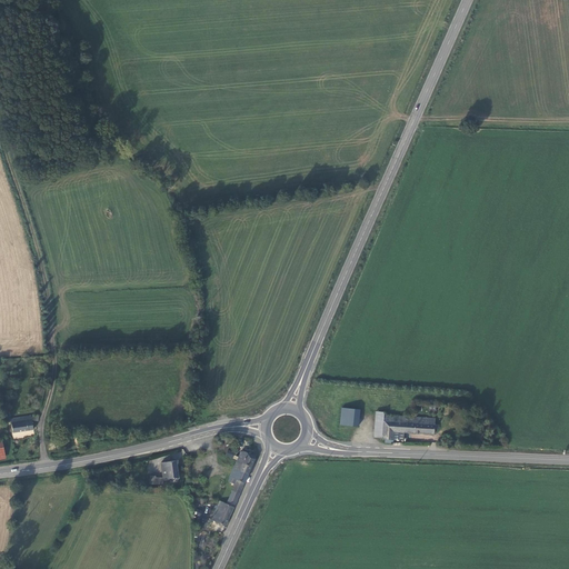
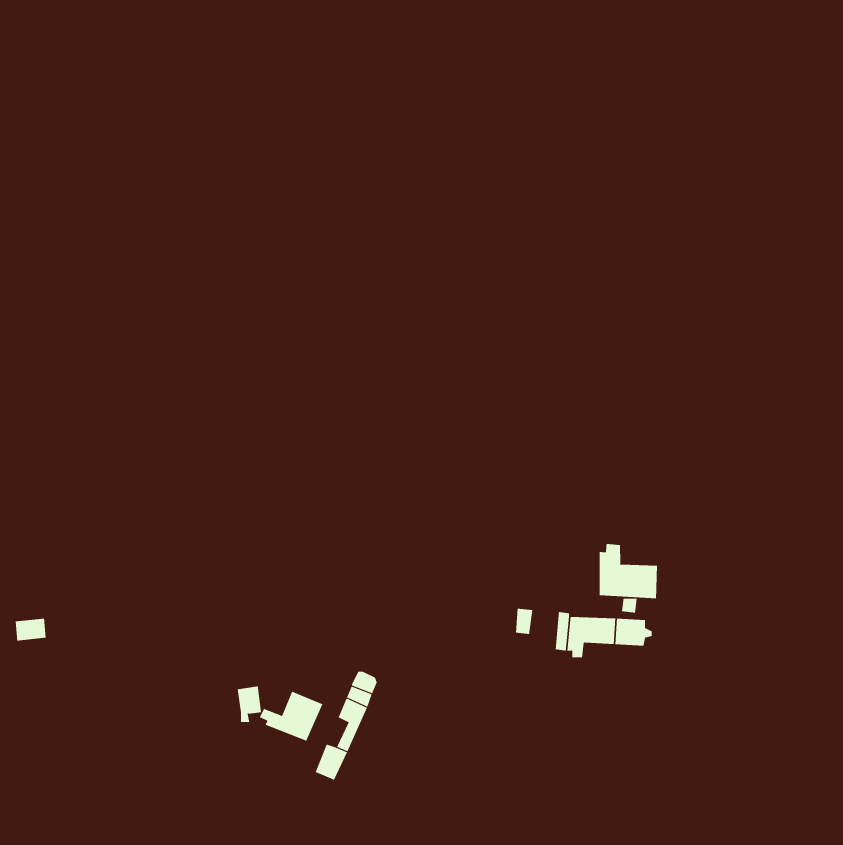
building: none -> [599,543,658,599]
building: none -> [259,691,323,742]

